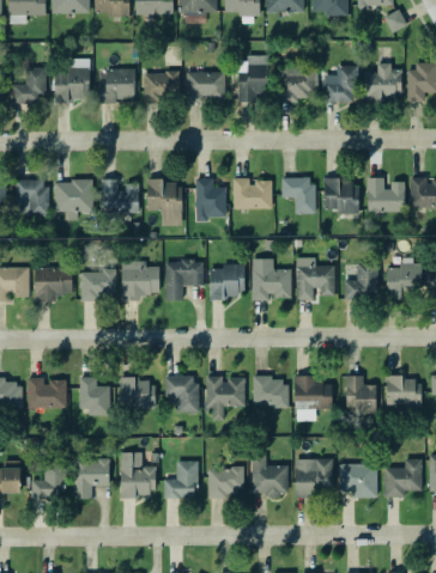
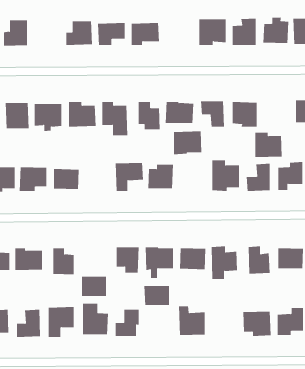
building: [237,55,267,102] -> none
building: [54,59,90,100] -> none
building: [367,177,405,212] -> [254,132,283,158]
building: [120,261,159,300] -> none
building: [252,268,291,300] -> [173,131,202,155]
building: [120,379,155,407] -> [81,276,107,296]
building: [295,458,332,498] -> none
building: [207,468,243,495] -> [144,285,170,306]

